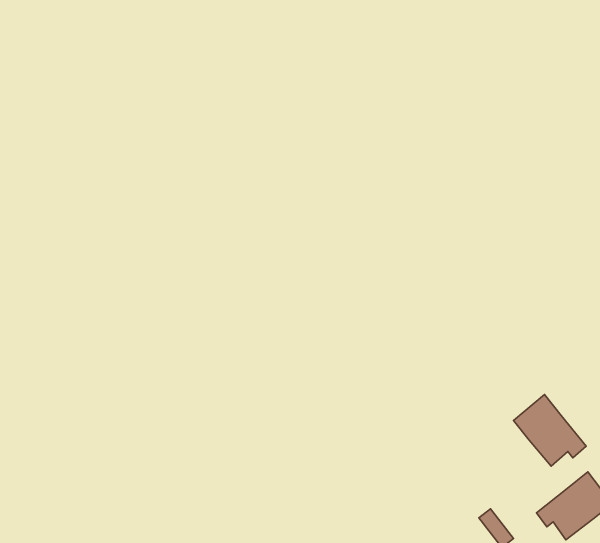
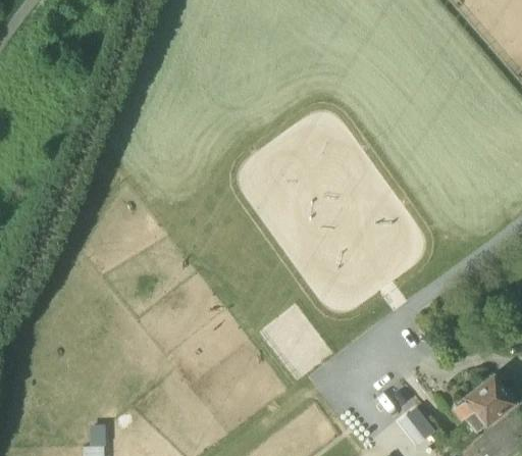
building: [513,394,586,466] -> none

